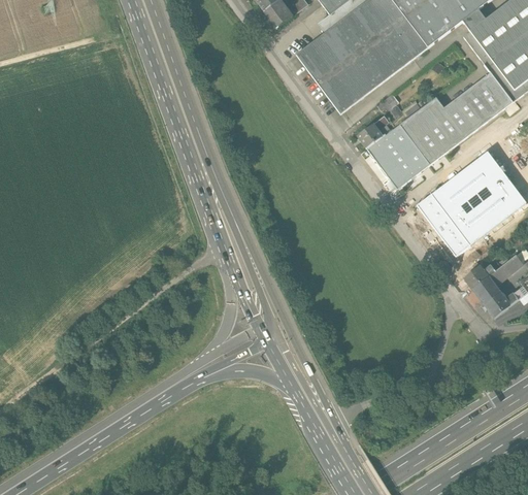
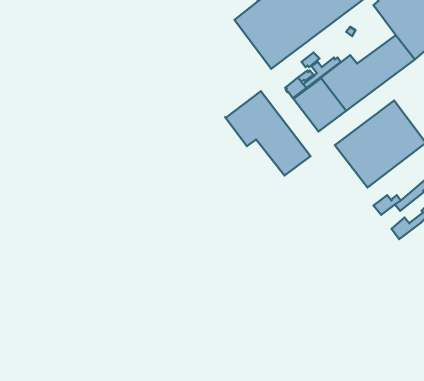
building: none -> [225,91,311,175]
building: [473,275,501,304] -> none

